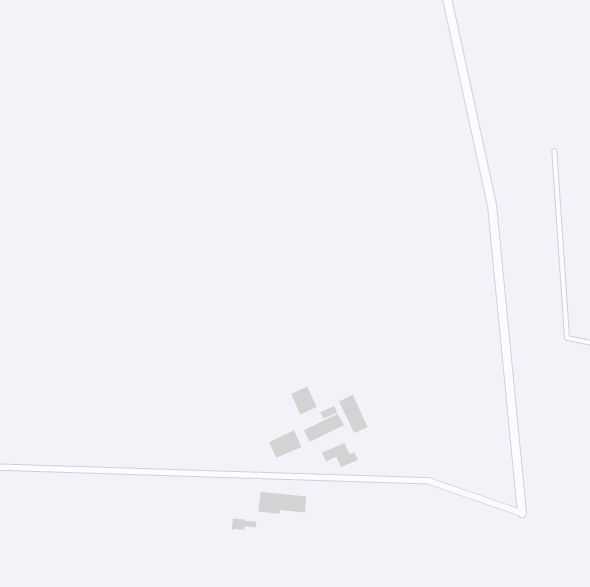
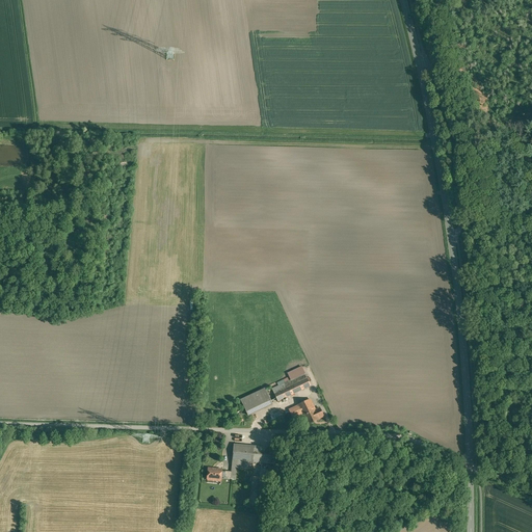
building: [290,386,318,416] -> none
building: [338,394,369,434] -> none

